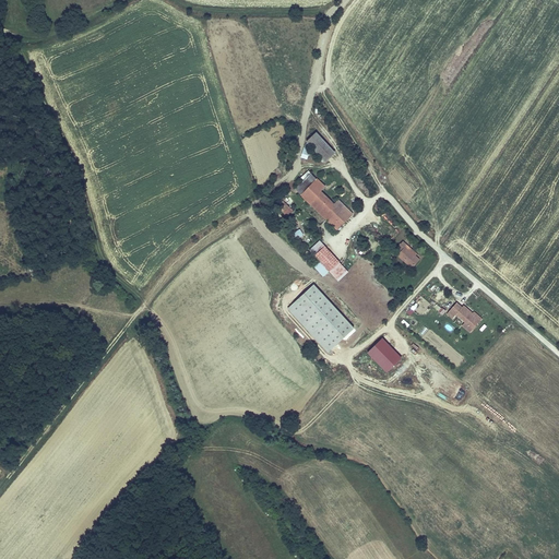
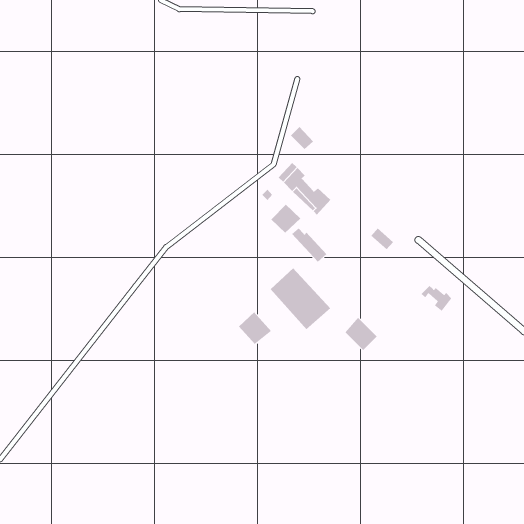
building: none -> [271,204,301,234]
building: none -> [238,312,272,345]

